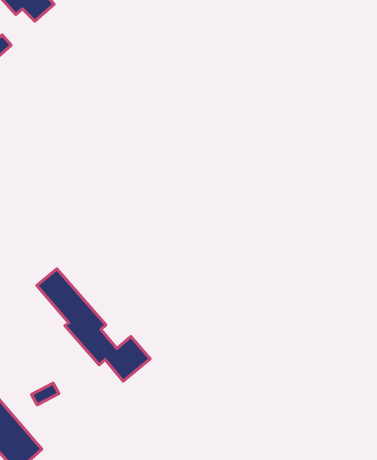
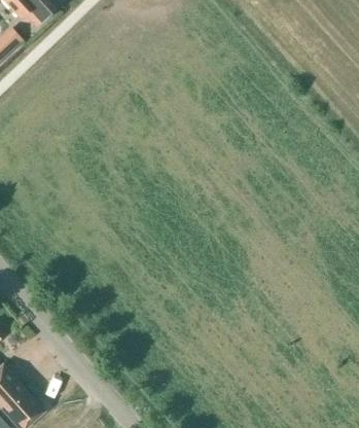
building: [37,269,150,381] -> none

